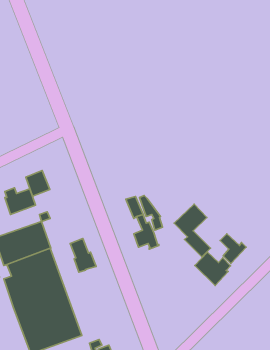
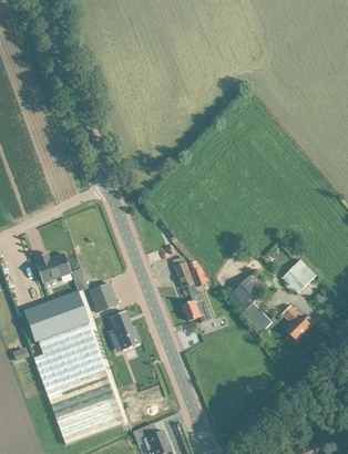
building: [26,170,50,196] -> [89,281,116,311]
building: none -> [282,259,316,292]
building: [195,252,231,286] -> none

